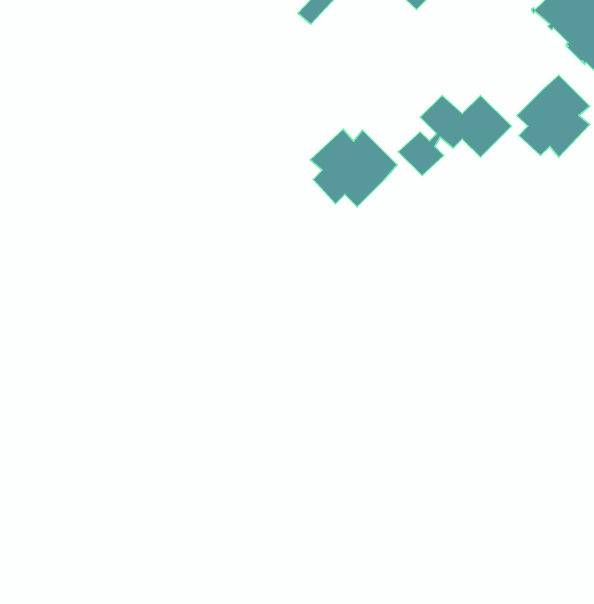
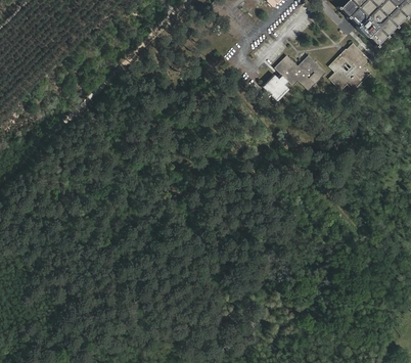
building: [310,129,397,207] -> none

